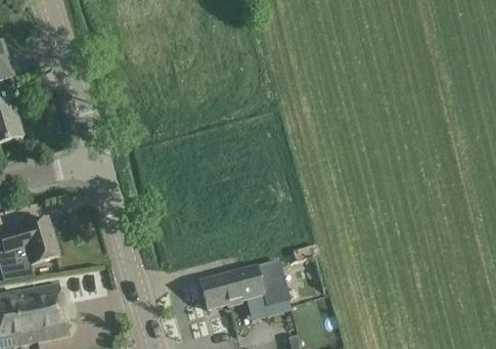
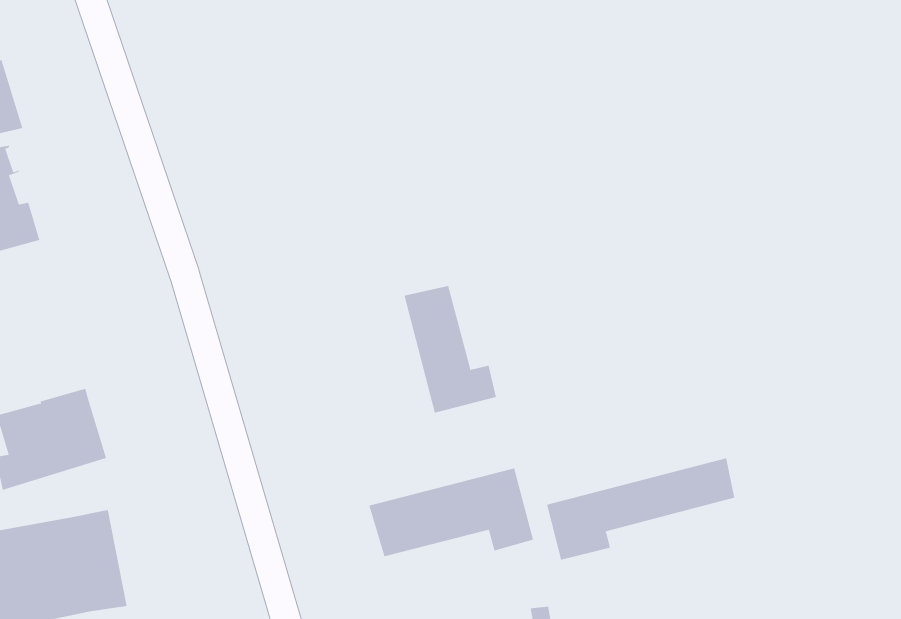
building: none -> [404,285,496,413]
building: none -> [547,457,735,560]

